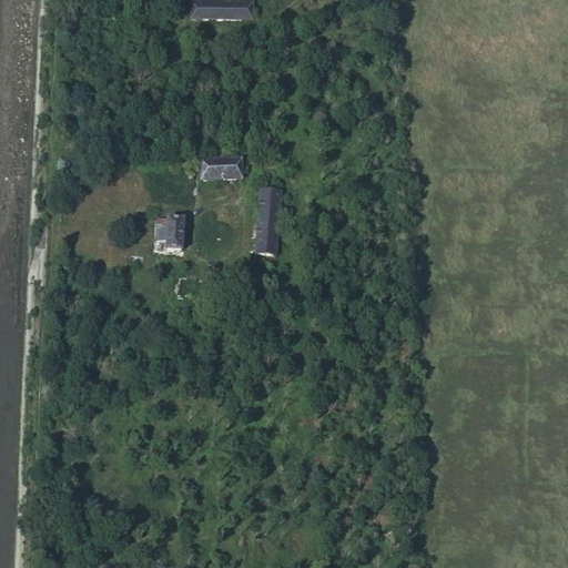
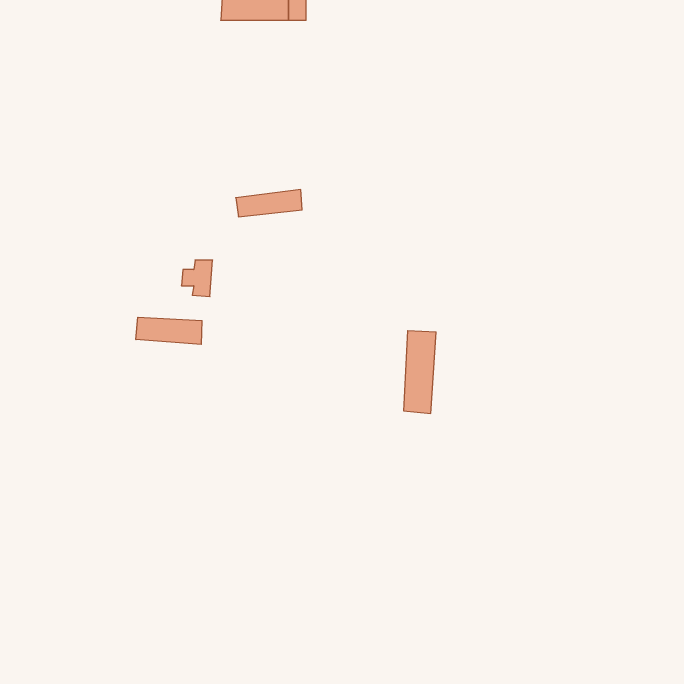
building: [256,191,283,258] -> [404,331,436,413]
building: none -> [136,317,202,344]

